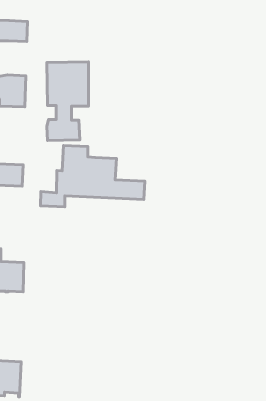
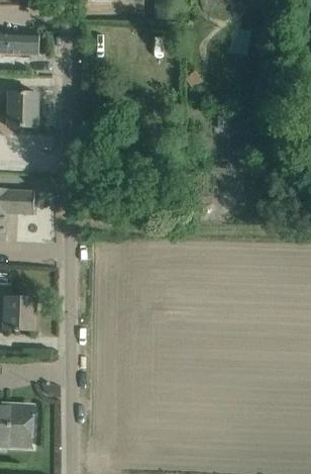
building: [47,62,88,141] -> none
building: [40,146,145,207] -> none

